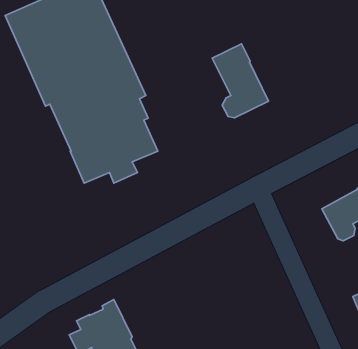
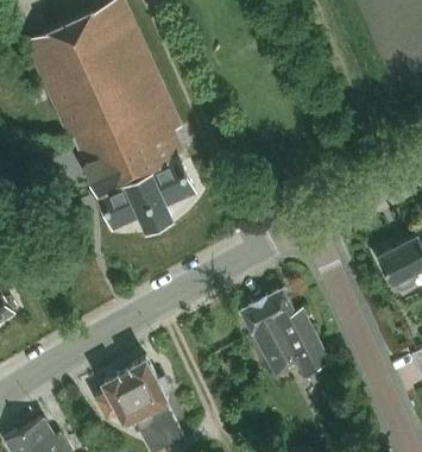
building: [212,44,269,118] -> none
building: none -> [241,290,329,378]

